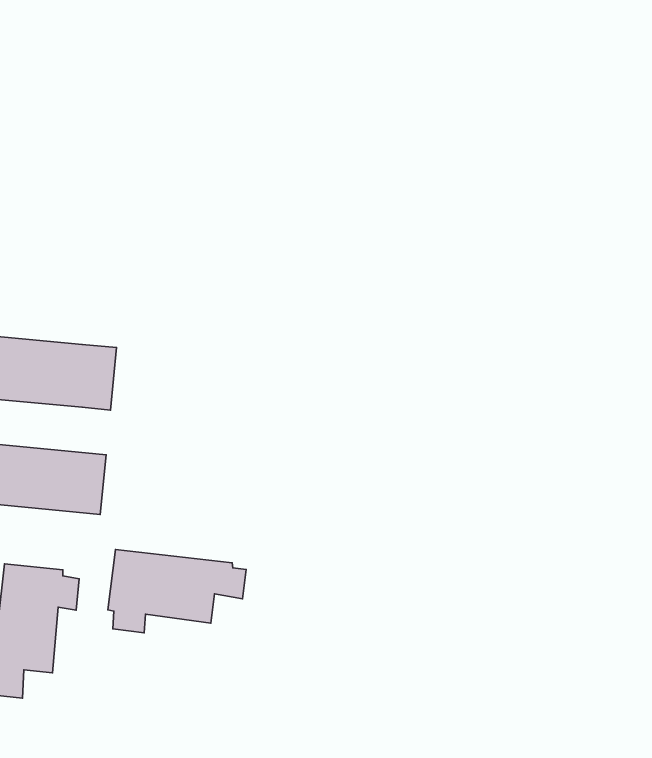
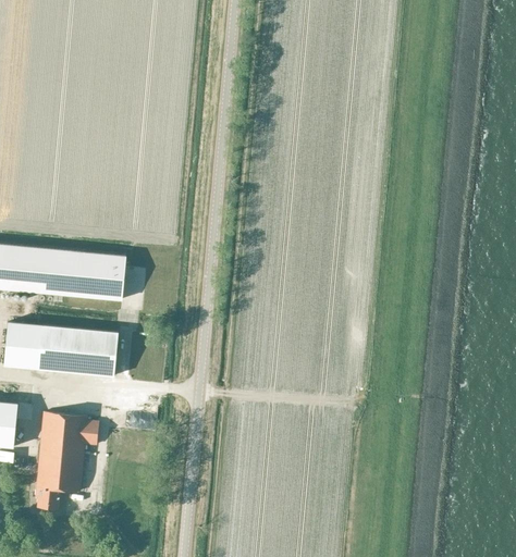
building: [108,549,246,633] -> none

